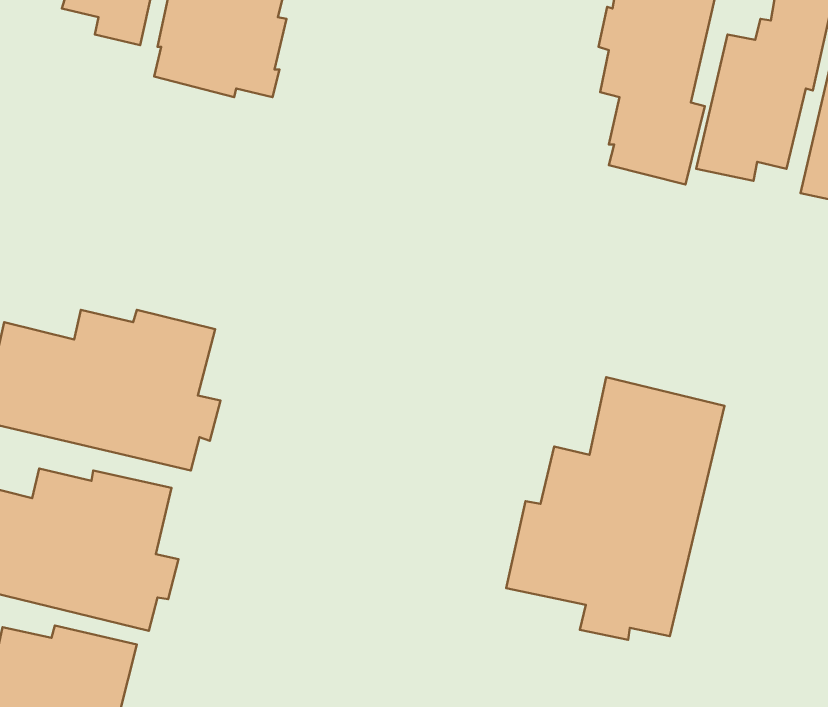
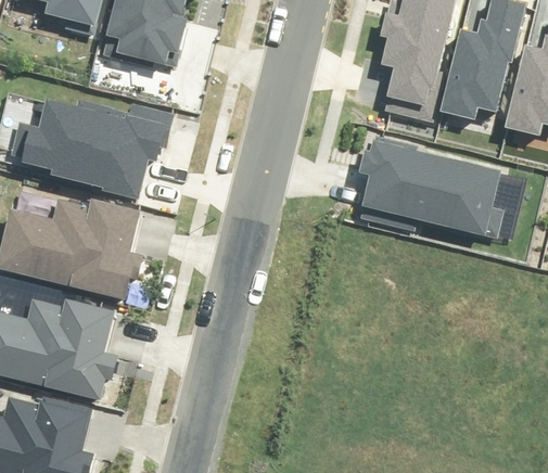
building: none -> [11,99,175,200]
building: none -> [359,136,502,237]
building: [506,377,724,640] -> none

